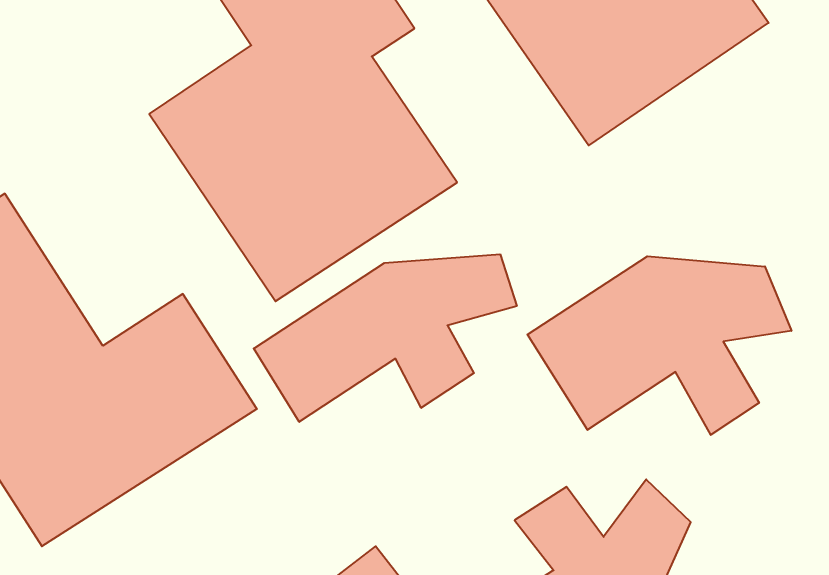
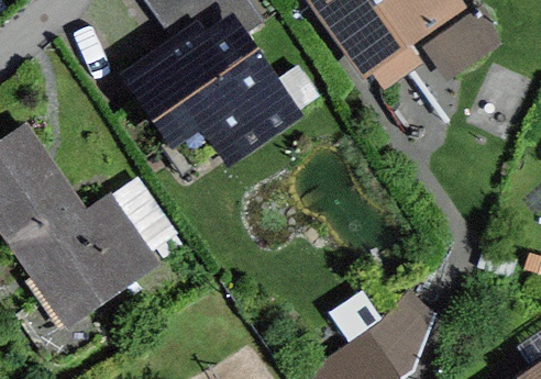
building: [254,254,517,422] -> none
building: [527,256,791,435] -> none

